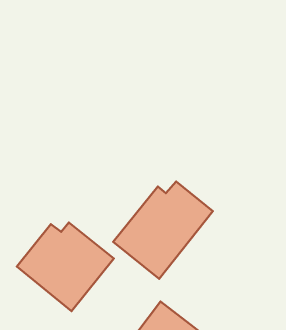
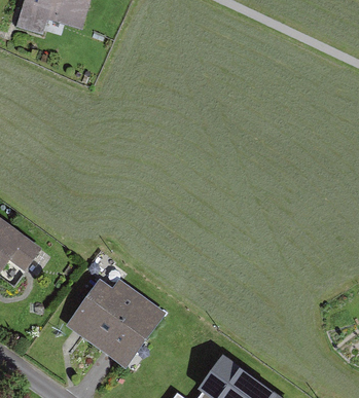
building: [113,181,213,279] -> none

